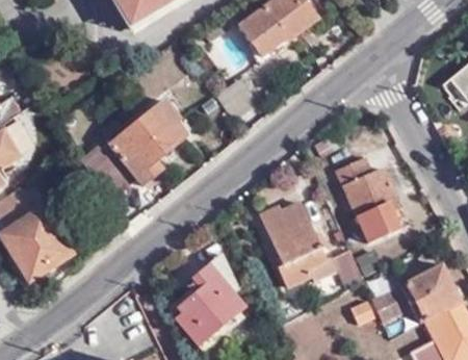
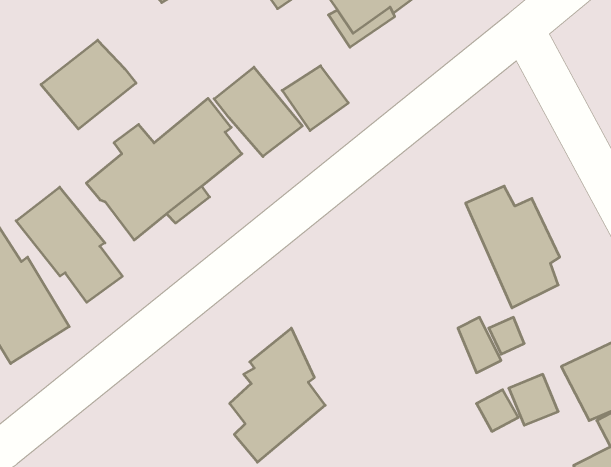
building: none -> [41,40,136,129]
building: none -> [214,67,302,157]
building: none -> [16,187,122,302]
building: [260,199,335,285] -> none

